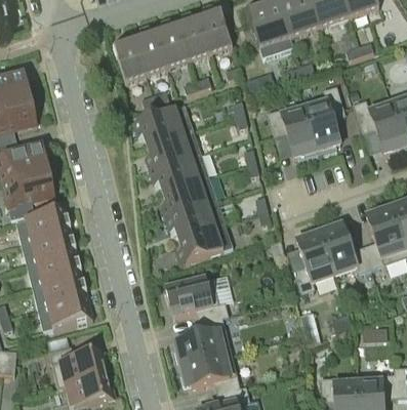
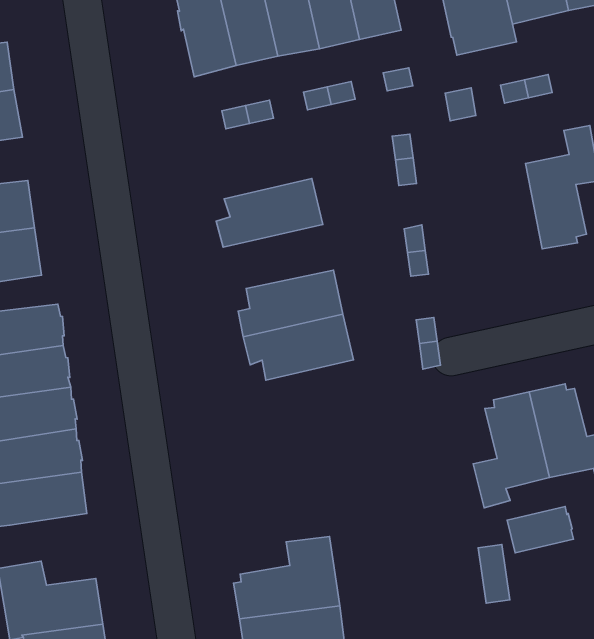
building: [132,107,192,146] -> none
building: [266,111,317,161] -> none
building: [149,154,208,192] -> none
building: [175,223,232,265] -> none
building: [165,279,227,323] -> none
building: none -> [507,506,573,553]

